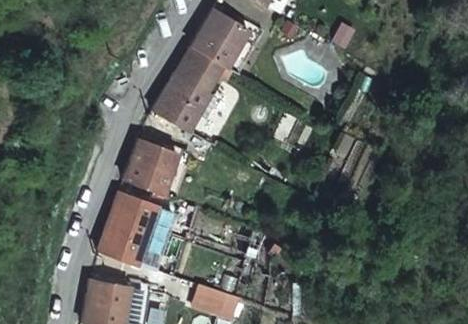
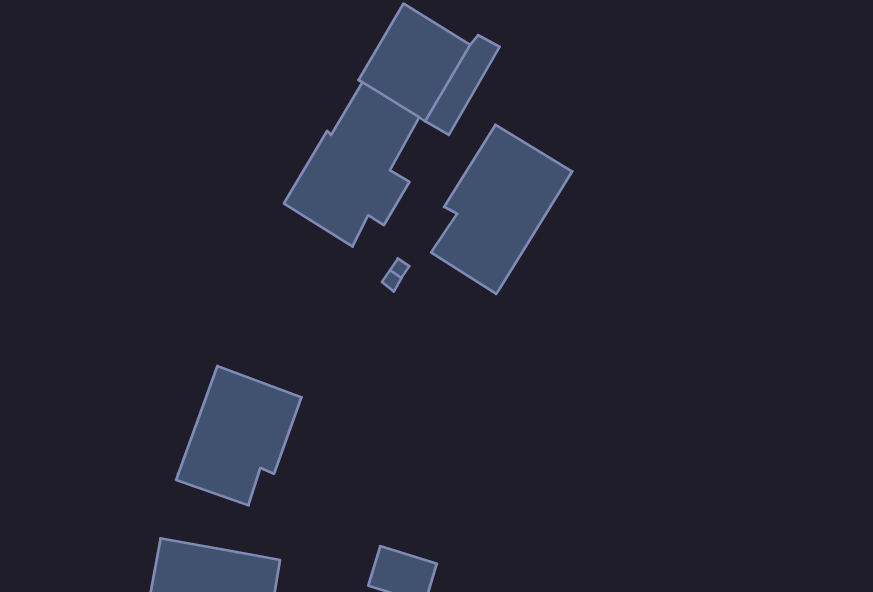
building: none -> [431,125,572,294]
building: [122,138,190,201] -> none

